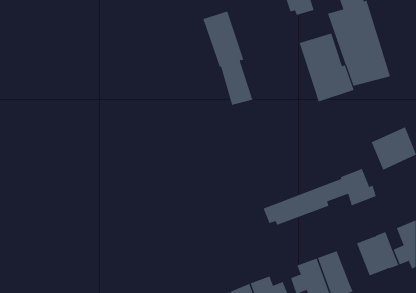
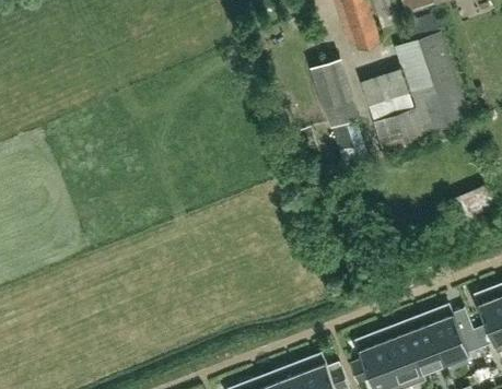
building: [202,11,253,105] -> [308,56,370,169]
building: [263,168,377,226] -> none
building: none -> [406,320,444,368]

